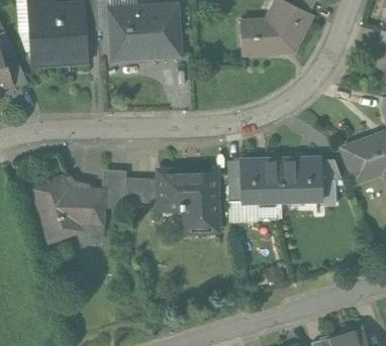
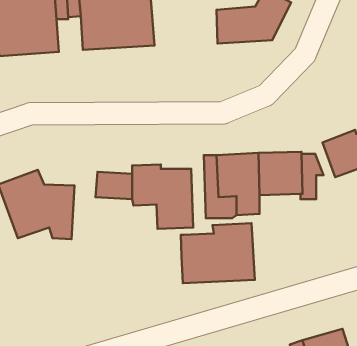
building: [104,170,127,209] -> none
building: none -> [181,223,255,283]

